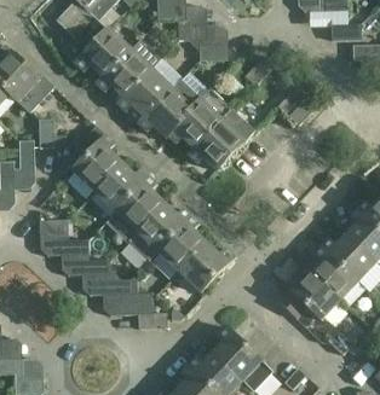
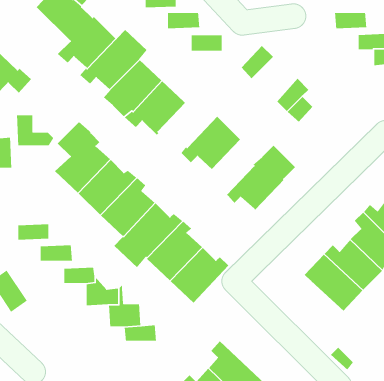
building: [169,89,234,150] -> [226,145,296,211]
building: [286,267,340,320] -> none

